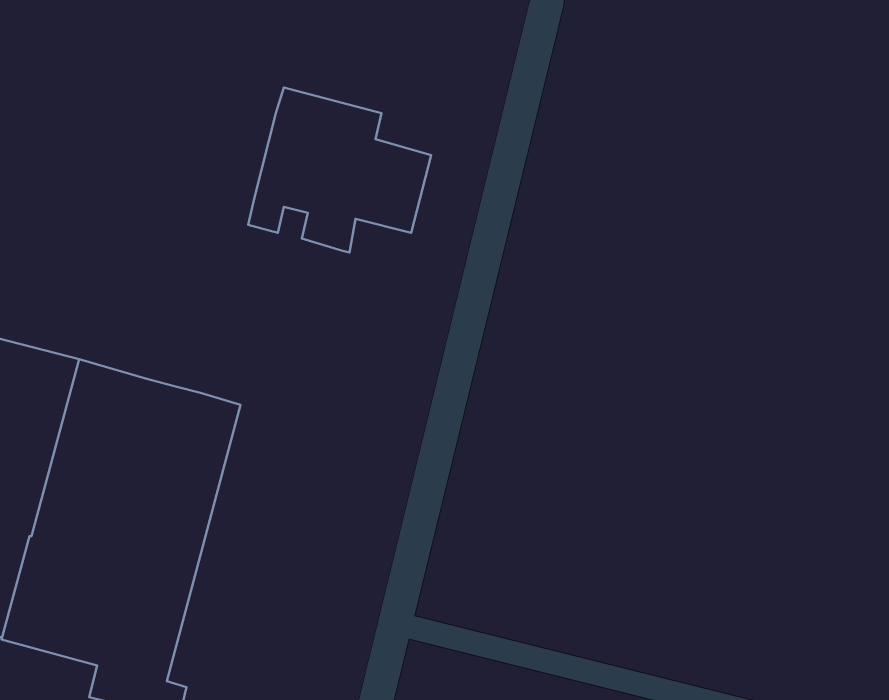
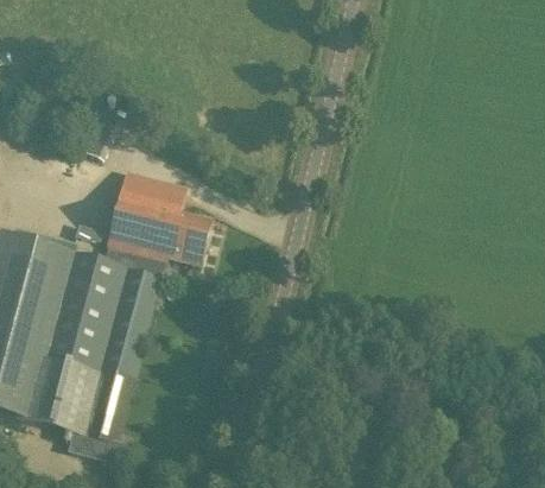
building: [248,87,431,253] -> [94,171,203,270]

